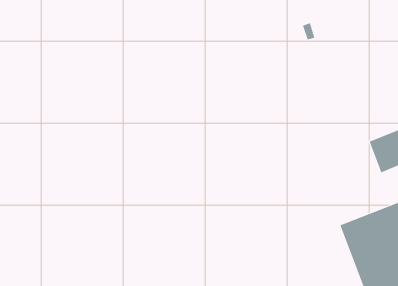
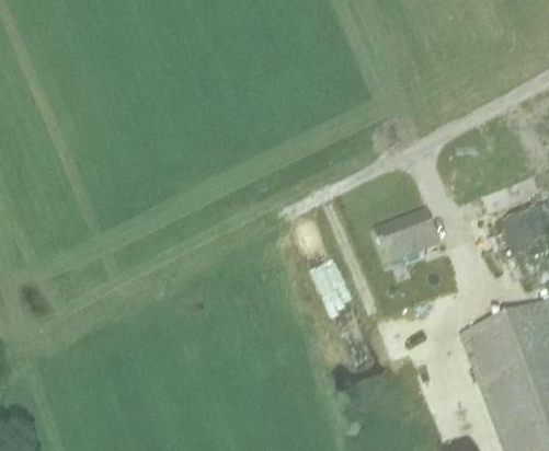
building: none -> [375,208,438,261]

